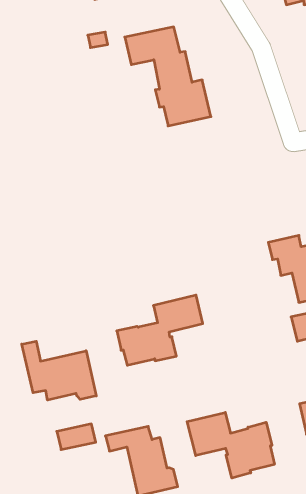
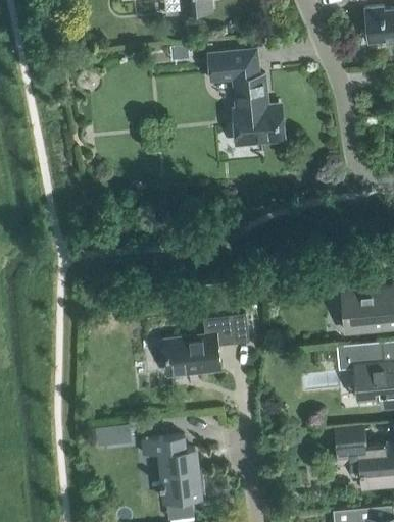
building: [22,341,96,400] -> none
building: [187,412,274,478] -> none

